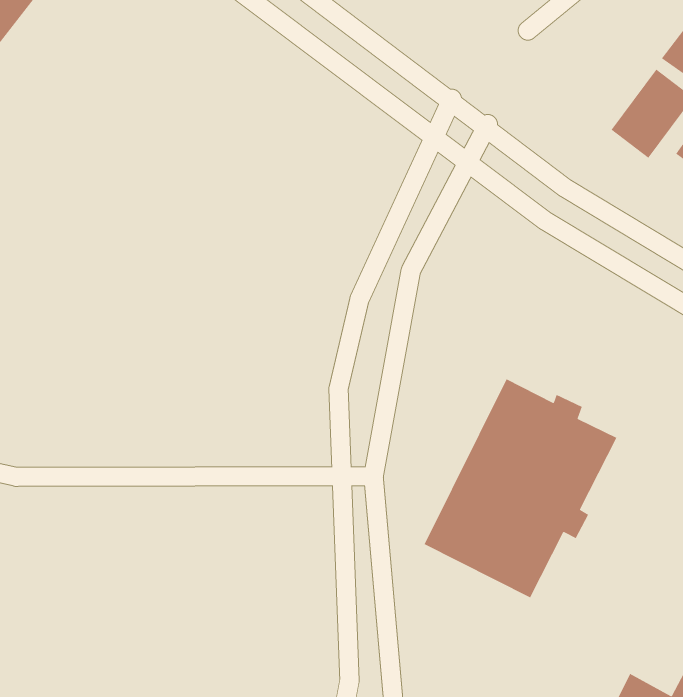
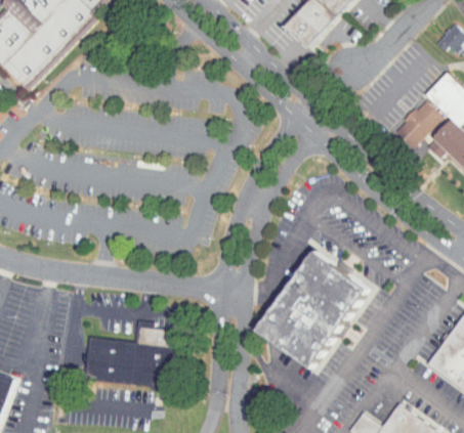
building: none -> [82,326,172,387]

